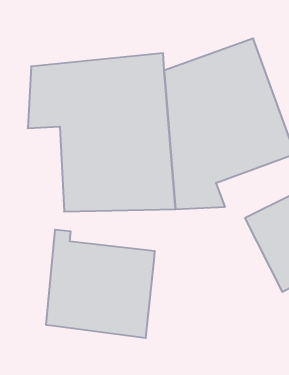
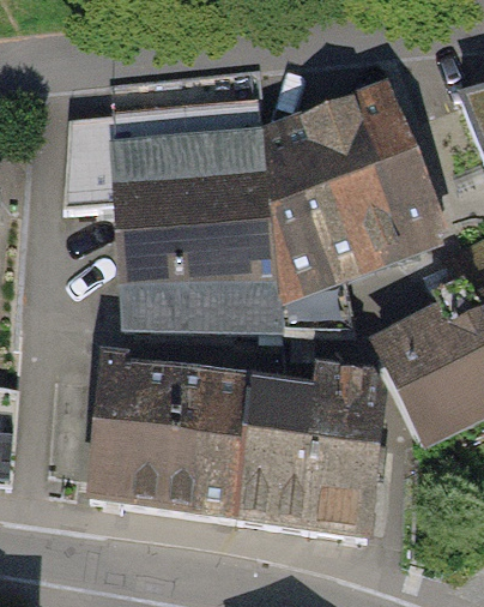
building: none -> [236,378,382,533]

